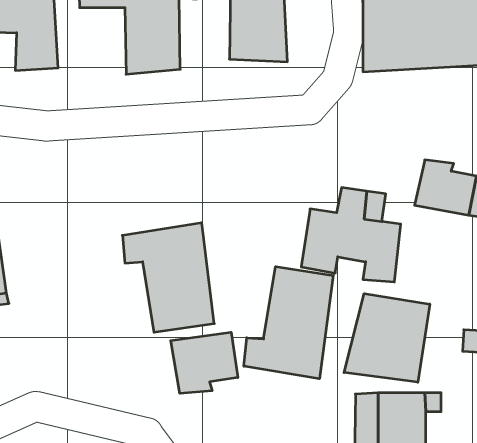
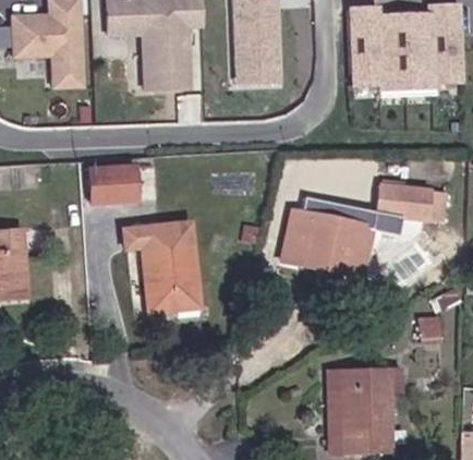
building: none -> [93,162,145,204]
building: [244,267,333,379] -> none
building: [344,294,430,382] -> none
building: [171,332,238,393] -> none

